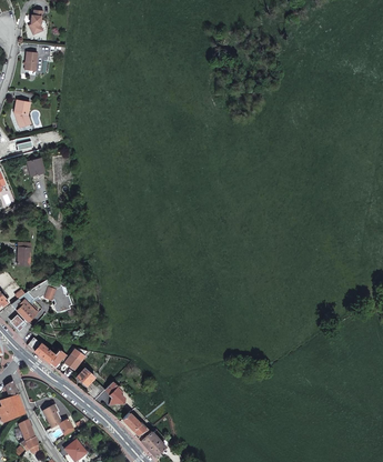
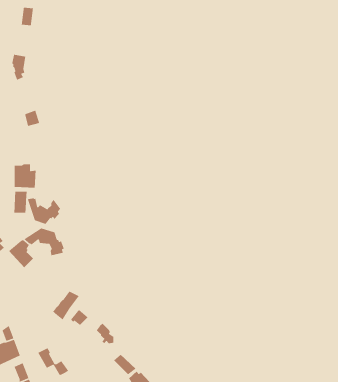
building: none -> [14,163,37,189]
building: none -> [27,197,61,225]
building: [26,335,65,365] -> none

